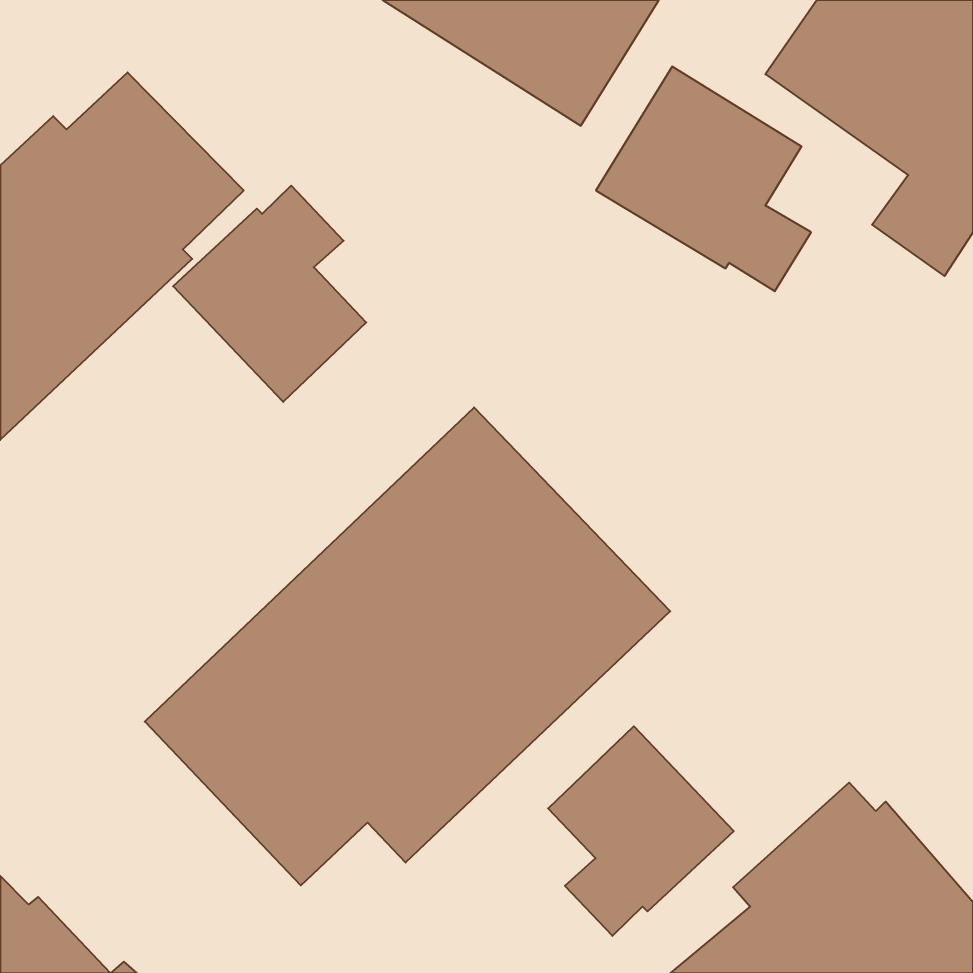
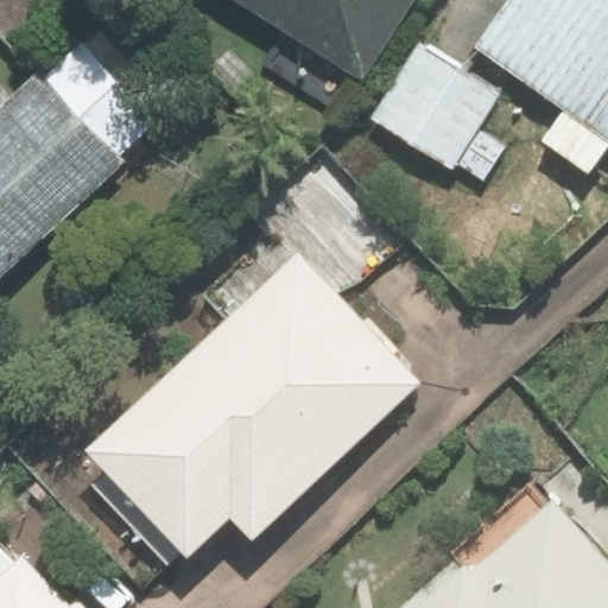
building: [173,186,366,402] -> none
building: [548,726,734,936] -> none

